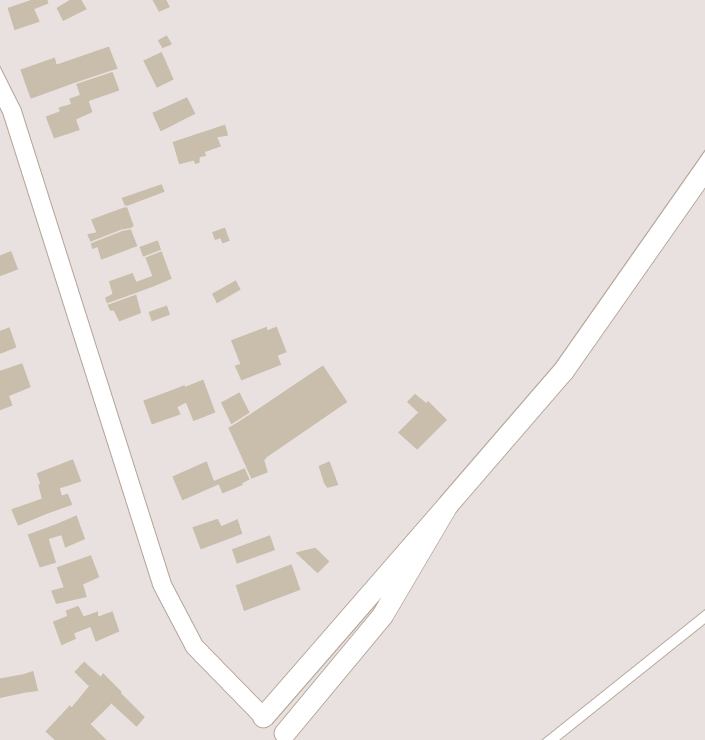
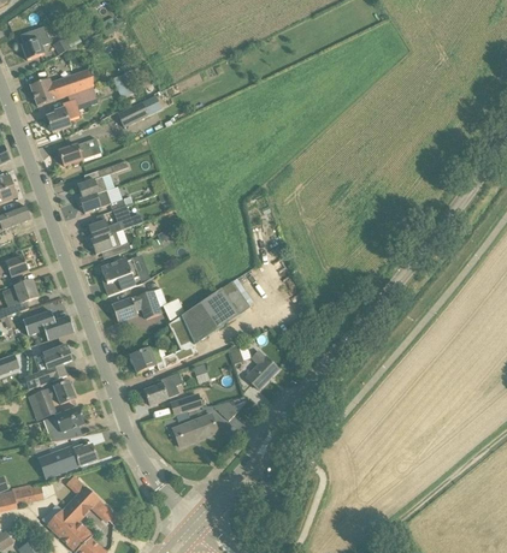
building: [171,123,229,165] -> [58,138,96,166]
building: [230,325,288,381] -> [100,257,138,295]
building: [397,393,448,451] -> [244,351,278,390]
building: none -> [24,315,73,341]

